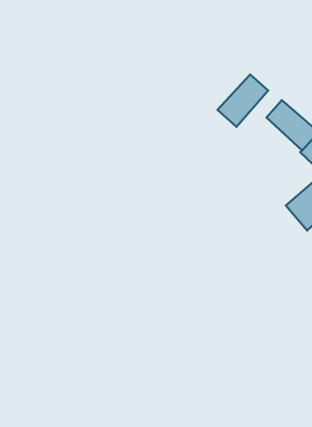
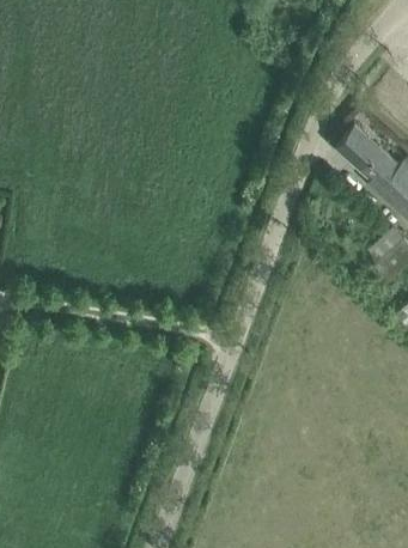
building: [217,74,268,127] -> none

